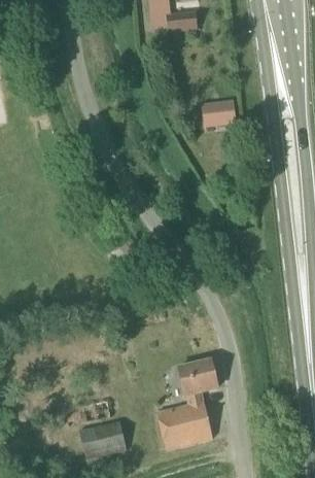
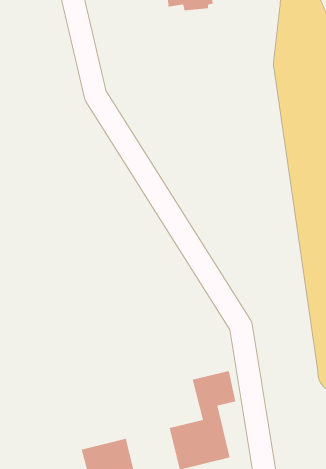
building: [203,101,234,126] -> none

